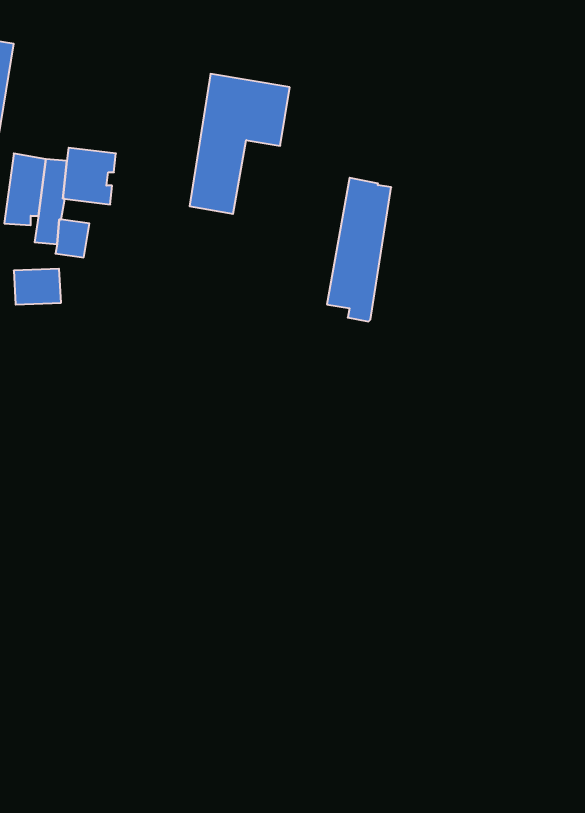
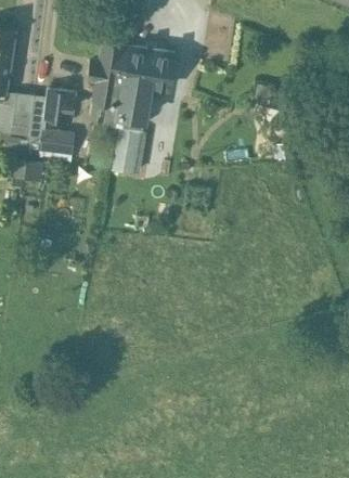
building: [327,178,391,321] -> [91,43,128,126]
building: none -> [112,128,147,173]

